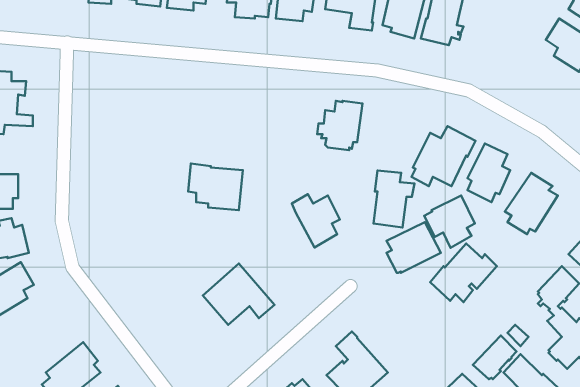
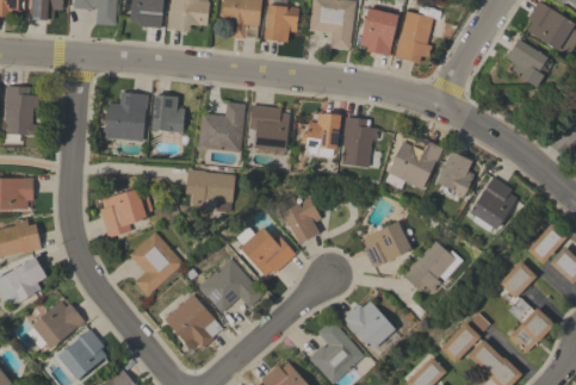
building: none -> [105,91,149,141]
building: none -> [153,94,185,131]
building: none -> [198,101,246,151]
building: none -> [249,104,291,156]
building: [373,170,415,228] -> [342,116,379,167]
building: none -> [100,185,153,237]
building: [424,195,475,248] -> none
building: none -> [237,224,297,275]
building: none -> [130,231,185,296]
building: none -> [166,293,223,348]
building: none -> [32,300,86,348]
building: none -> [345,300,402,358]

